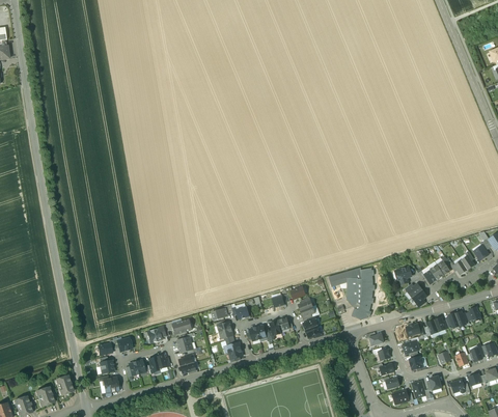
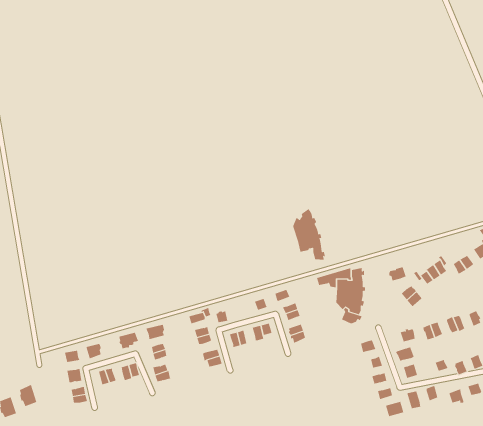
building: none -> [293,208,326,260]

